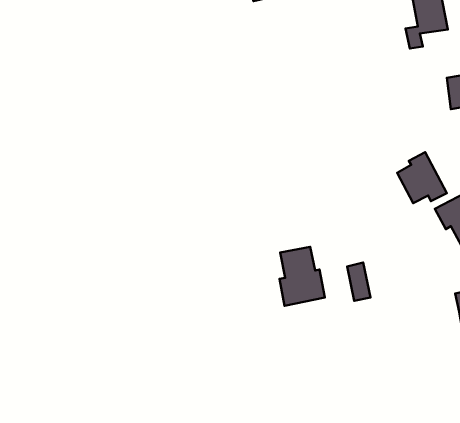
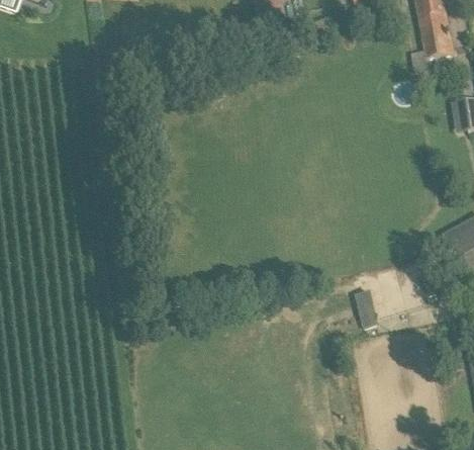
building: [397,152,447,203] -> none
building: [280,247,325,306] -> none

